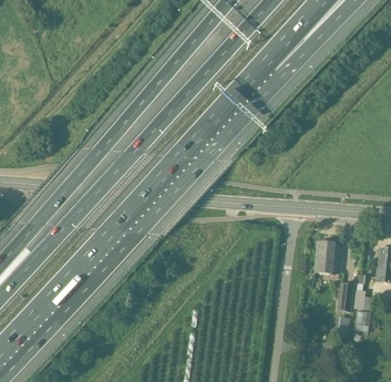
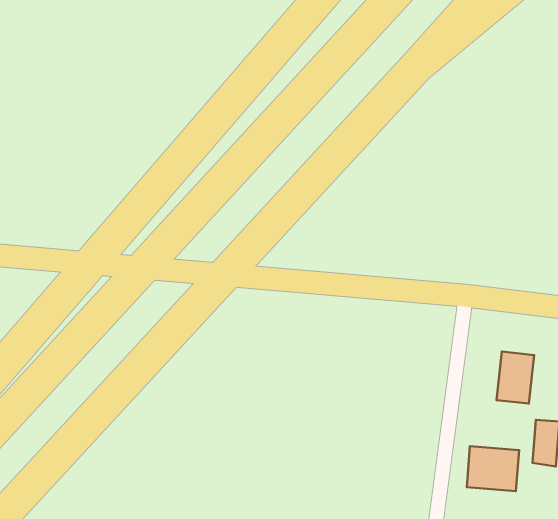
building: none -> [467,446,519,491]

